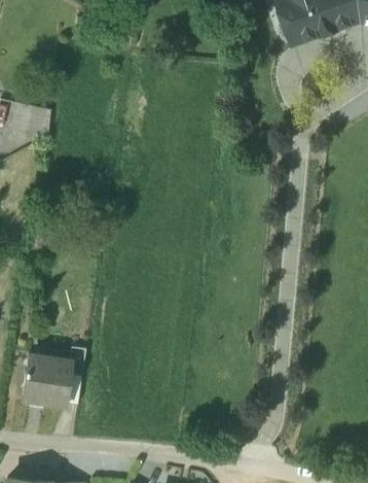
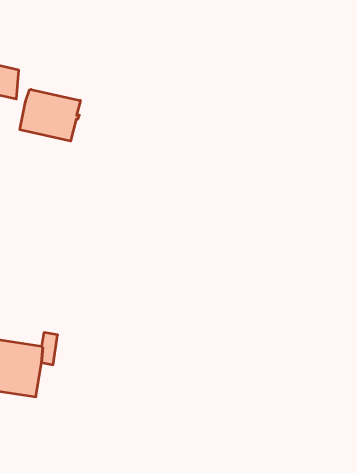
building: none -> [20,89,80,141]

